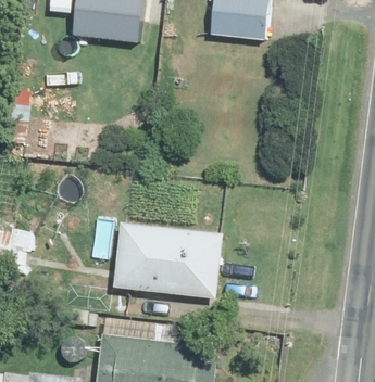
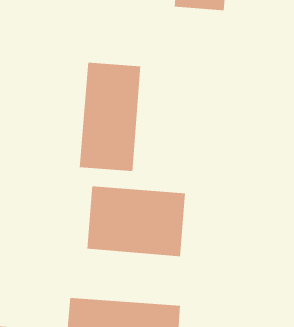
building: none -> [79,62,141,172]

